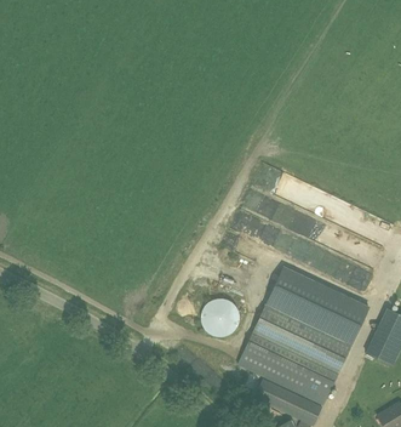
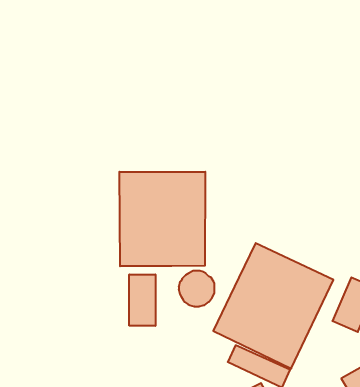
building: none -> [119,172,205,266]
building: none -> [129,274,155,326]

